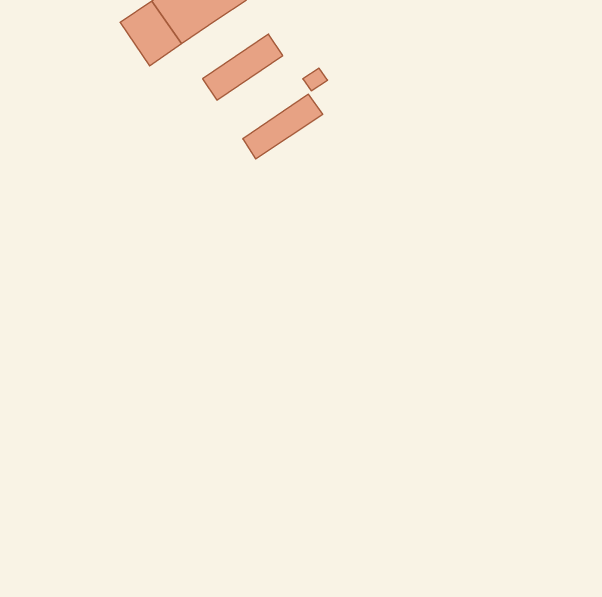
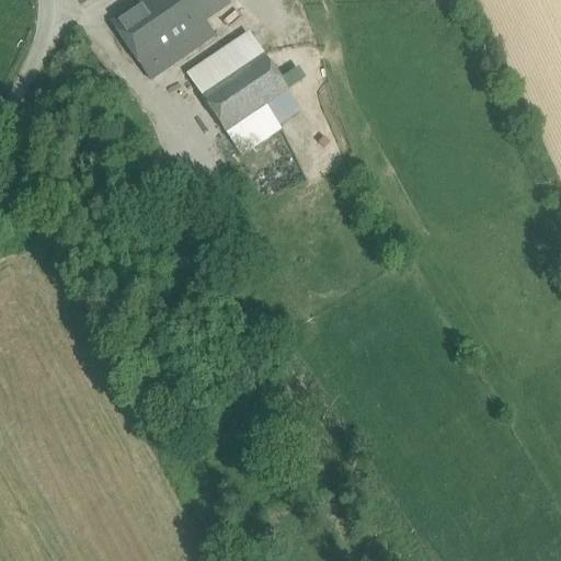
building: none -> [139,18,213,76]
building: none -> [202,51,287,129]

